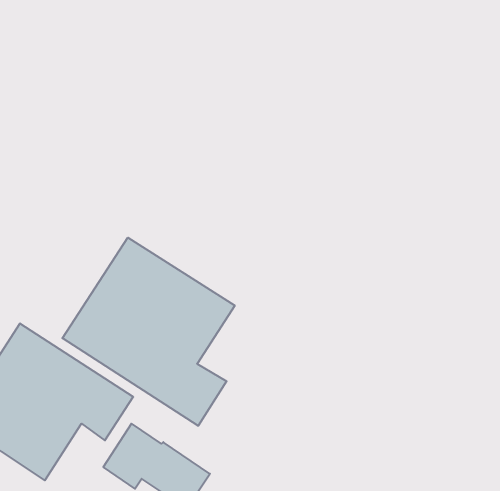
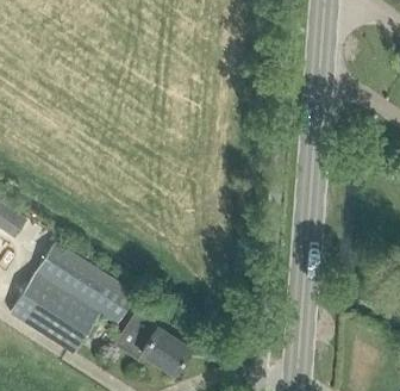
building: [62,238,235,426] -> none

